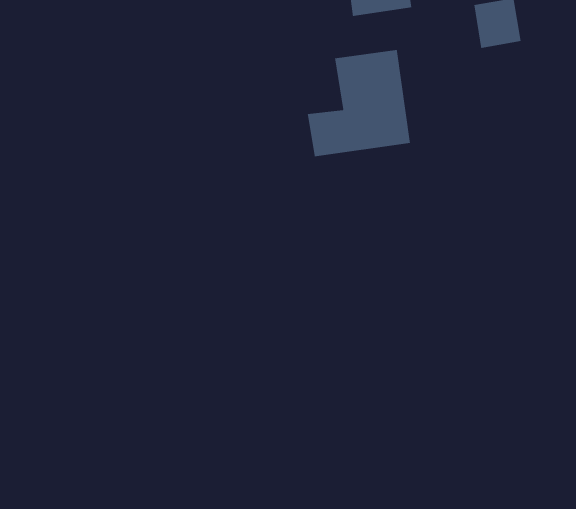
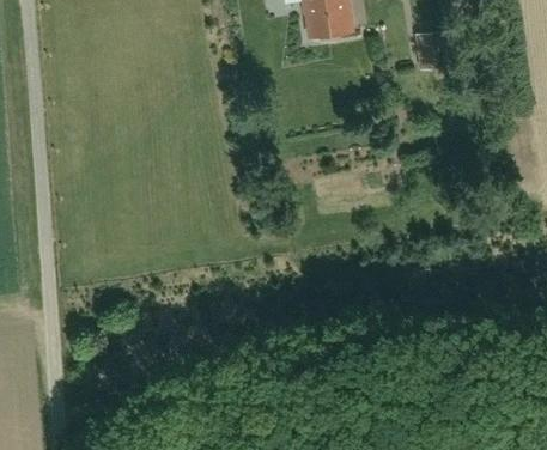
building: [307,49,411,157] -> none

